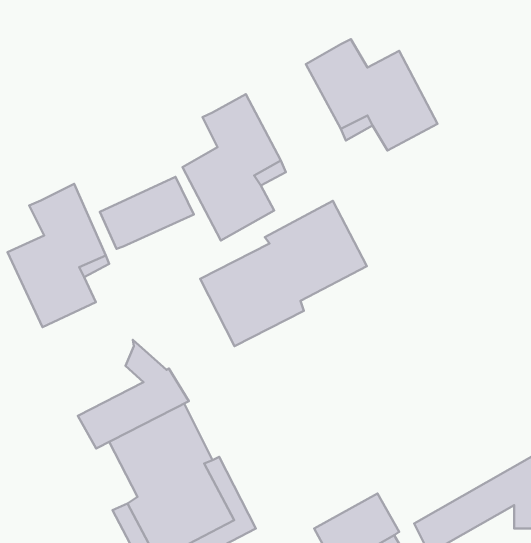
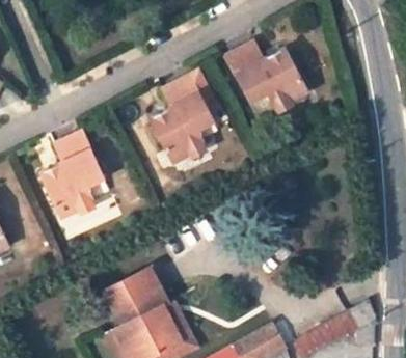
building: [100,177,194,249] -> none
building: [200,201,367,346] -> none
building: [78,340,189,449] -> none

